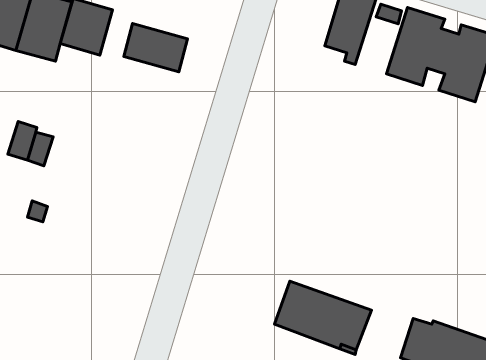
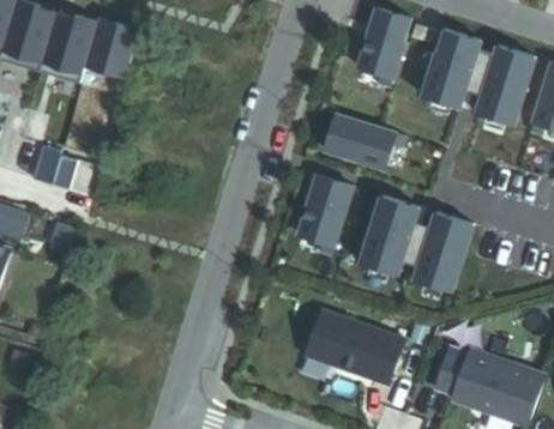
building: [124,23,188,72] -> none
building: none -> [324,115,402,168]
building: none -> [297,175,350,254]
building: none -> [360,195,471,291]

